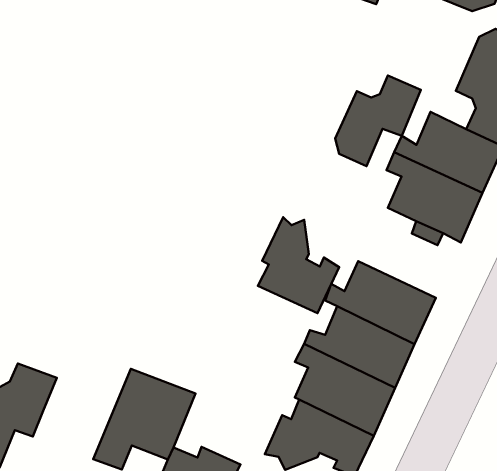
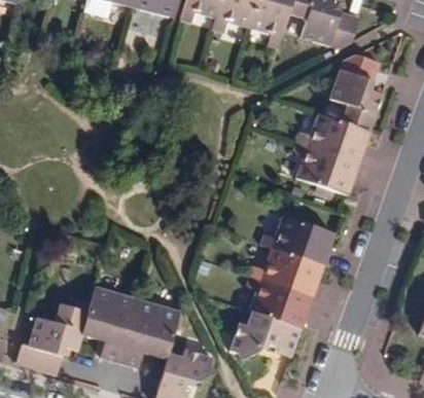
building: [335,76,421,166] -> none
building: [258,217,339,313] -> none
building: none -> [80,288,136,362]

